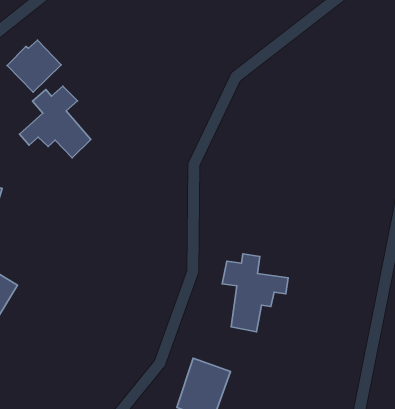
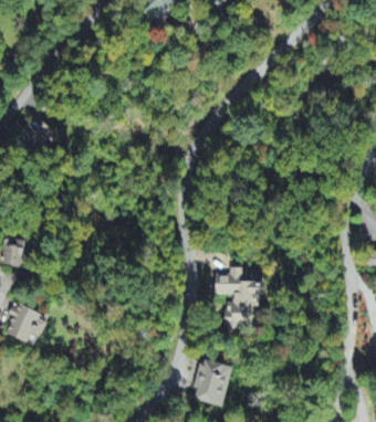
building: [19,86,91,158] -> none

